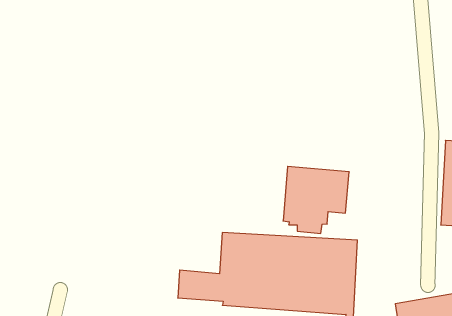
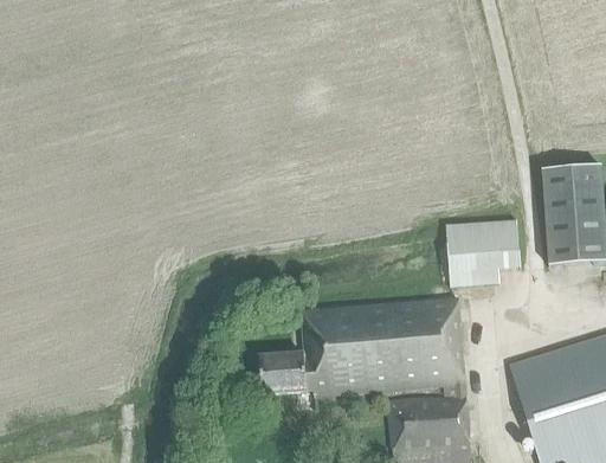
building: [283,166,349,233] -> [446,220,520,296]

